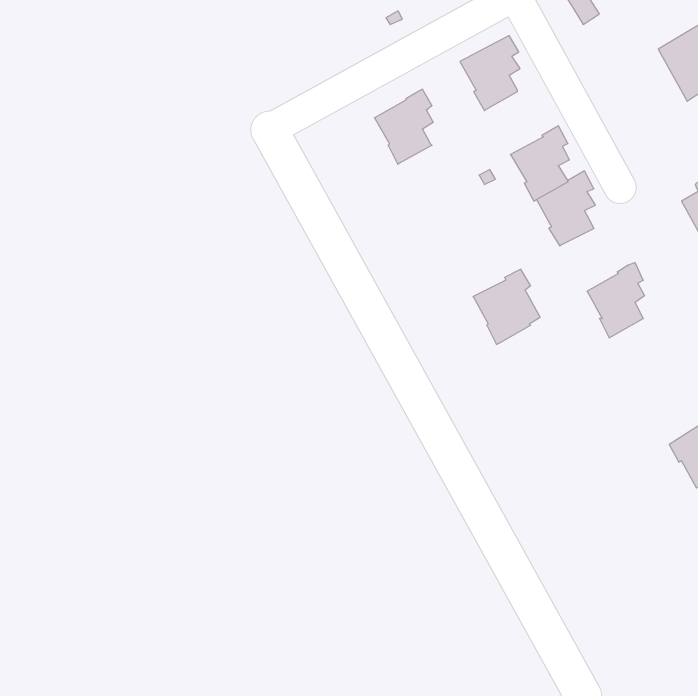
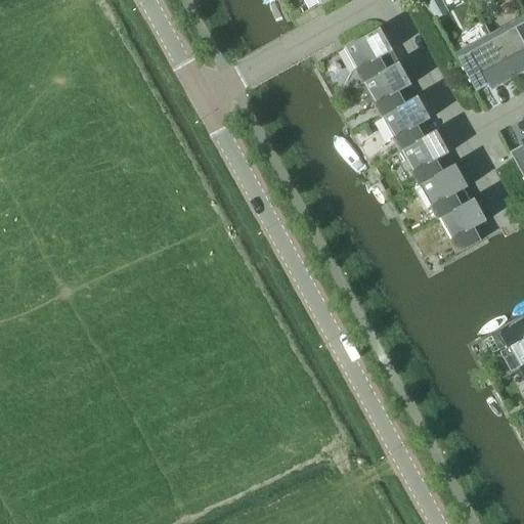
building: none -> [458,37,515,90]
building: [374,89,433,164] -> [364,60,408,117]
building: [473,269,540,344] -> [421,163,471,219]

